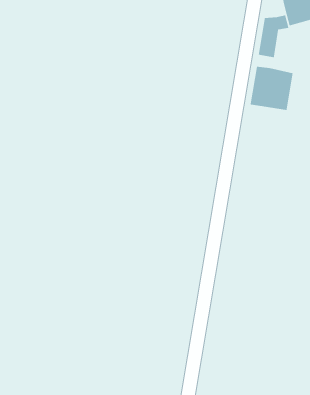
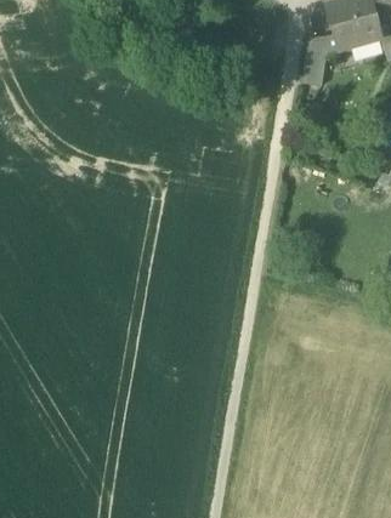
building: [249,66,294,111] -> none

